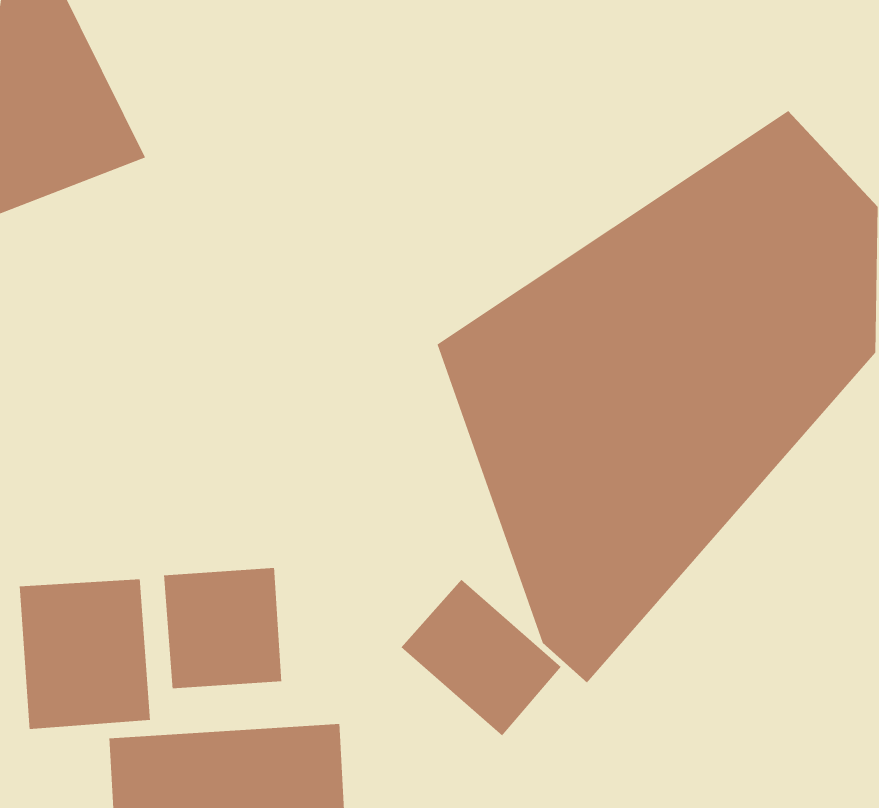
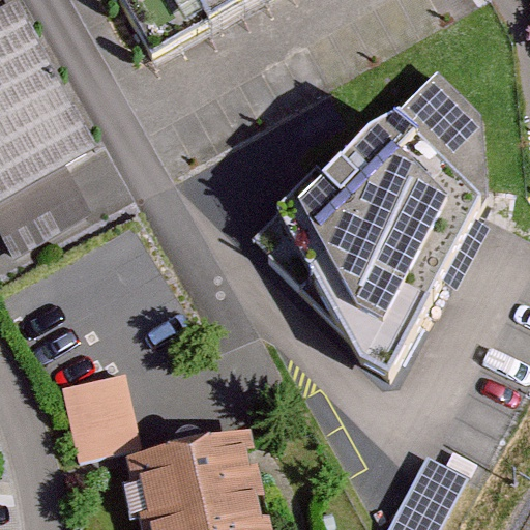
building: [163,567,282,689] -> none
building: [401,579,562,736] -> none

